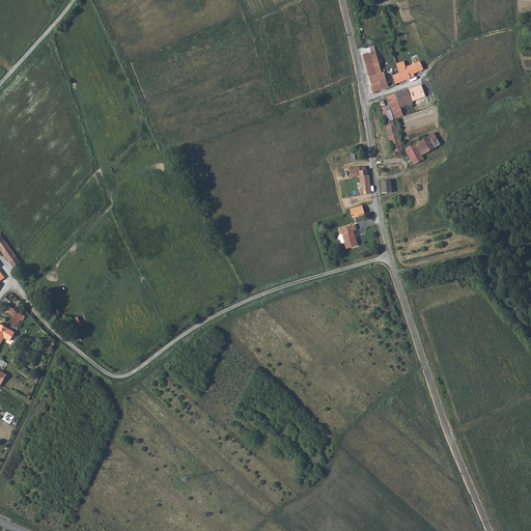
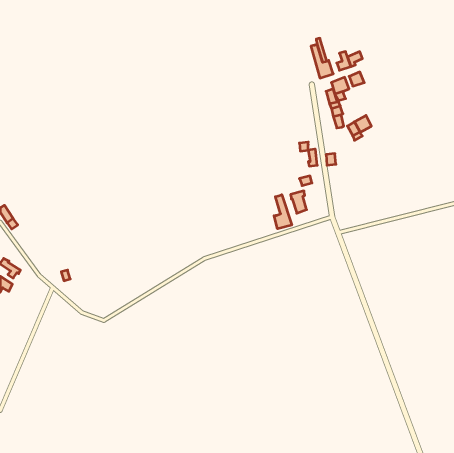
building: none -> [274,195,292,229]

